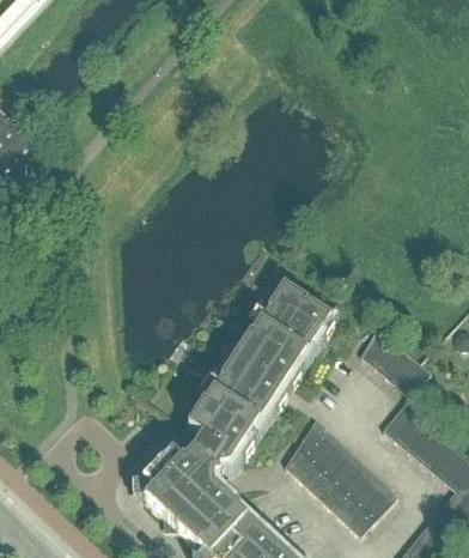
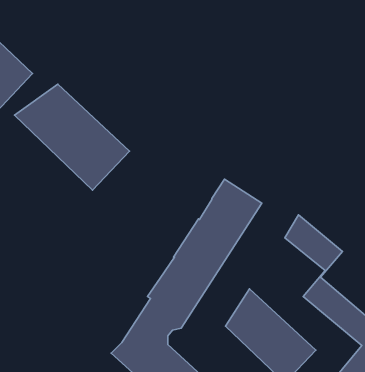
building: none -> [15,84,129,190]

